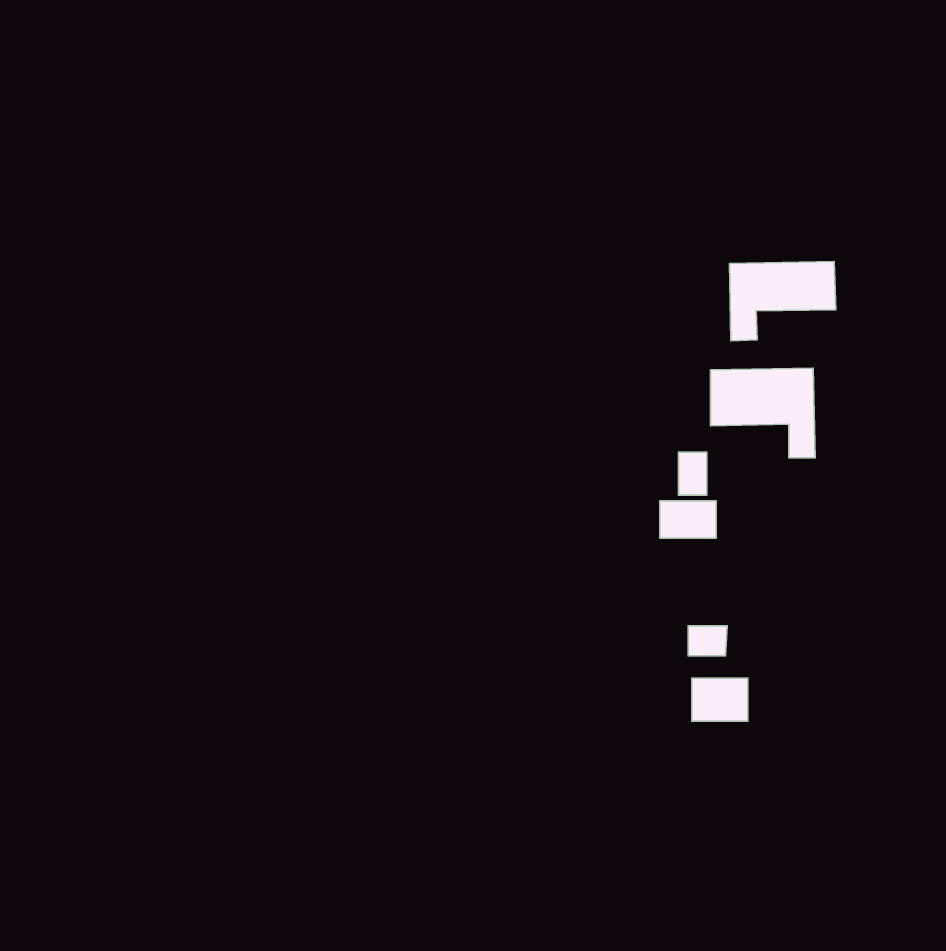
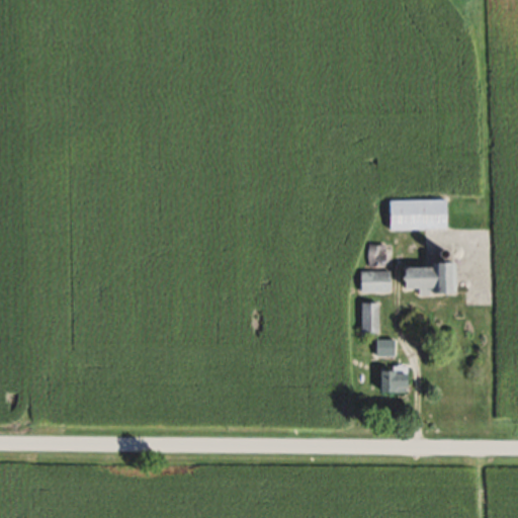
building: [730,262,836,341] -> none
building: none -> [401,262,453,293]
building: none -> [362,303,379,332]

